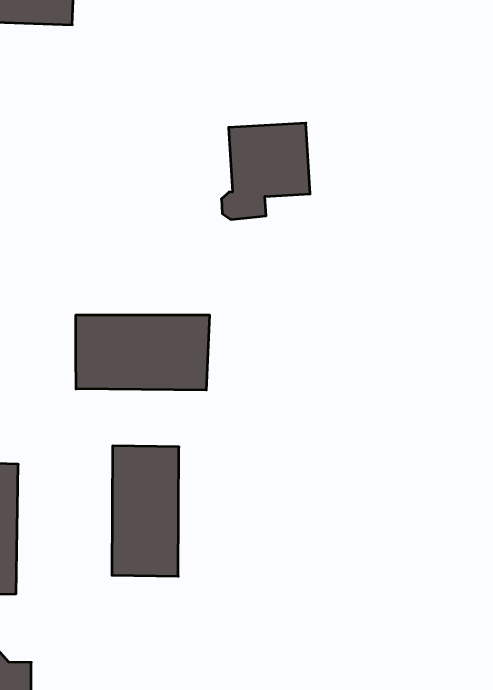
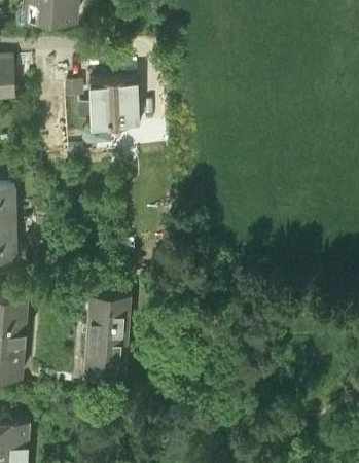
building: [221,123,310,219] -> [82,82,139,141]
building: [76,315,209,390] -> none

